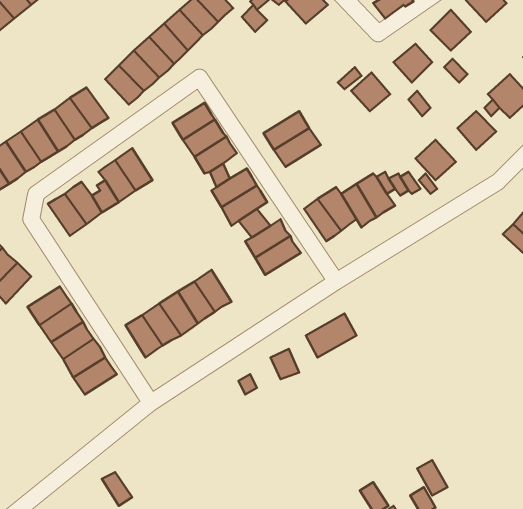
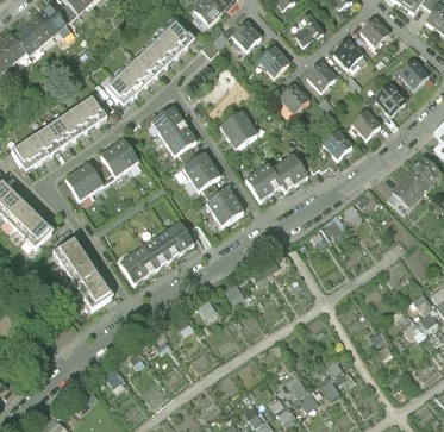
building: none -> [258,45,292,79]

